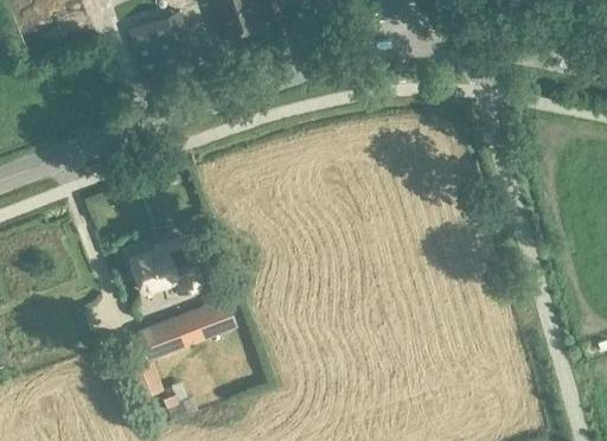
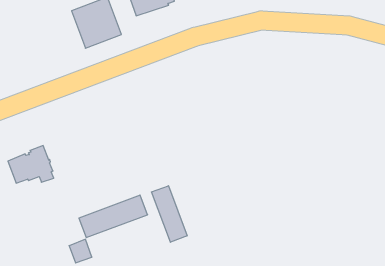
building: [133,237,199,292] -> [8,146,54,183]
building: none -> [152,186,187,242]

